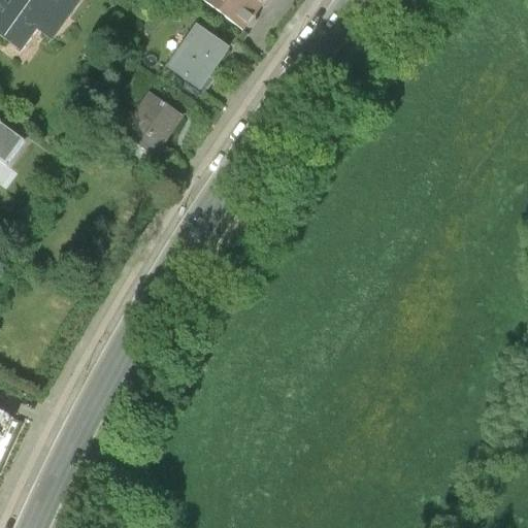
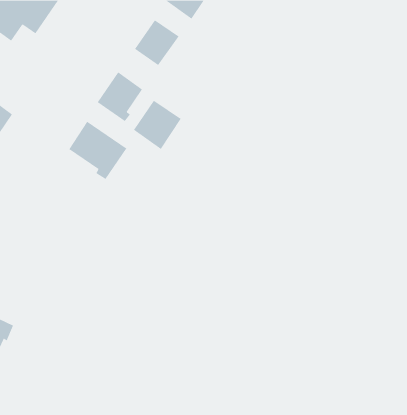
building: none -> [133,100,181,150]
building: none -> [68,121,127,180]

